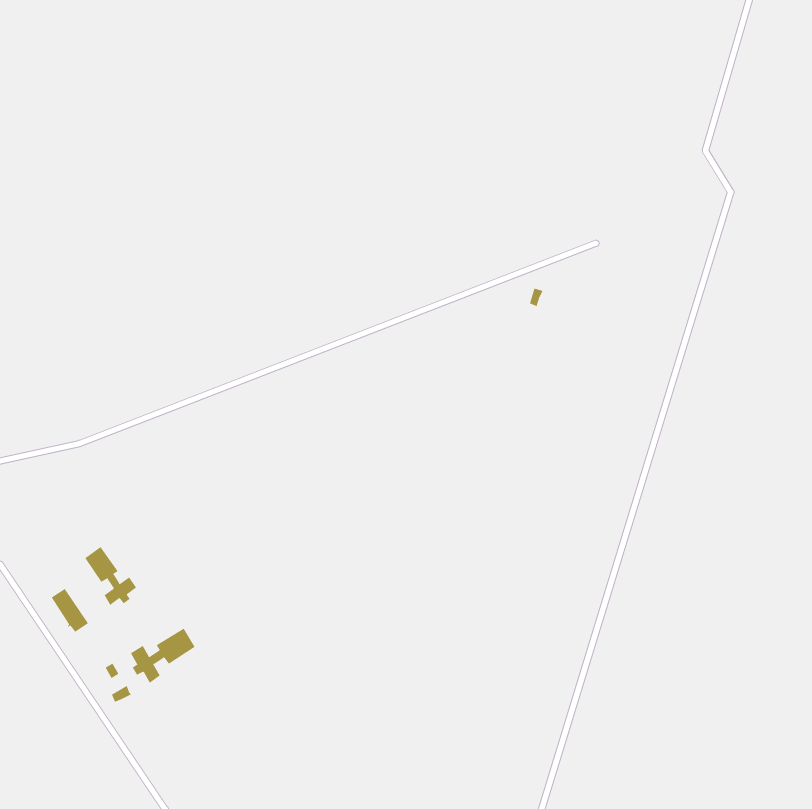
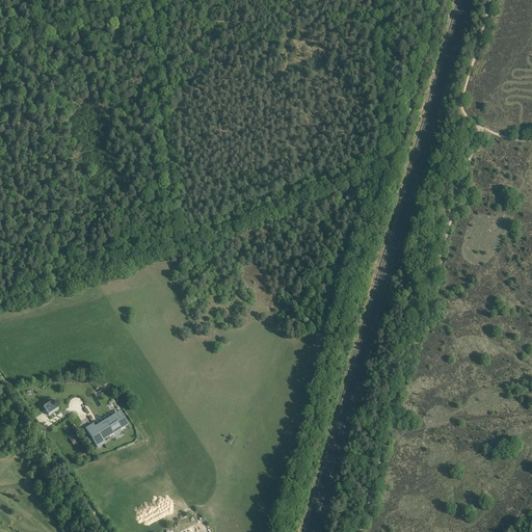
building: [85,546,137,606] -> none

